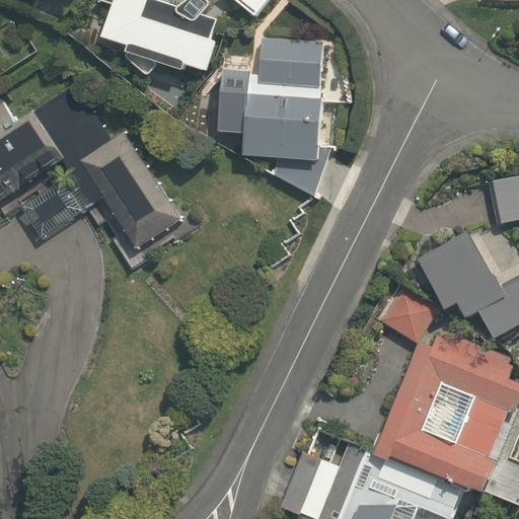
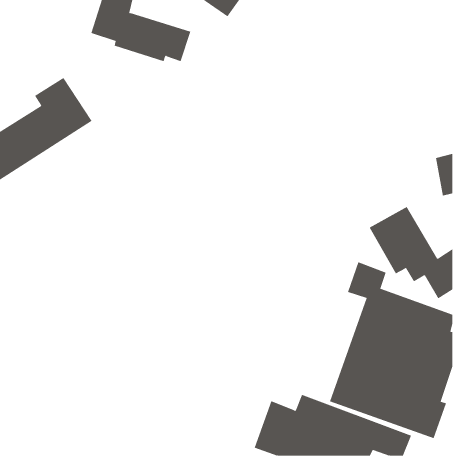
building: [222,39,320,196] -> none
building: [10,130,179,249] -> none

